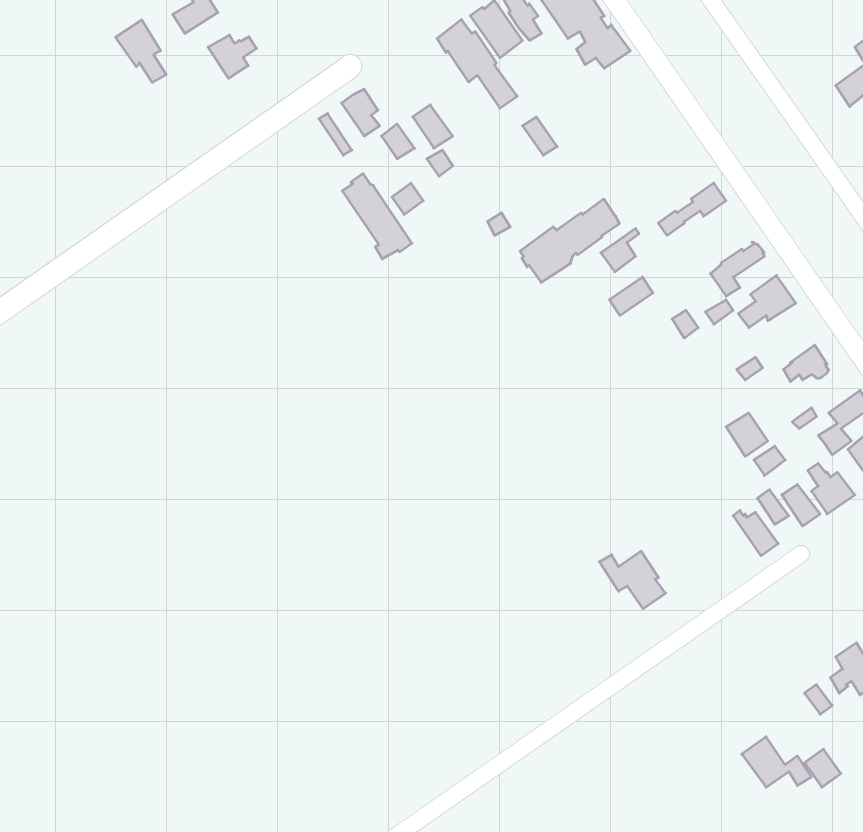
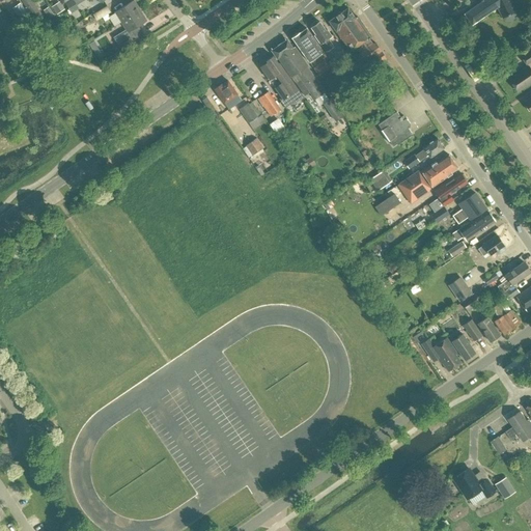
building: [116,20,166,82] -> none
building: [208,35,257,78] -> none
building: none -> [378,112,412,146]
building: [342,174,412,259] -> [260,57,302,108]
building: [520,199,619,283] -> [398,153,457,203]
building: none -> [458,212,495,239]
building: [599,551,666,609] -> [422,337,462,371]

